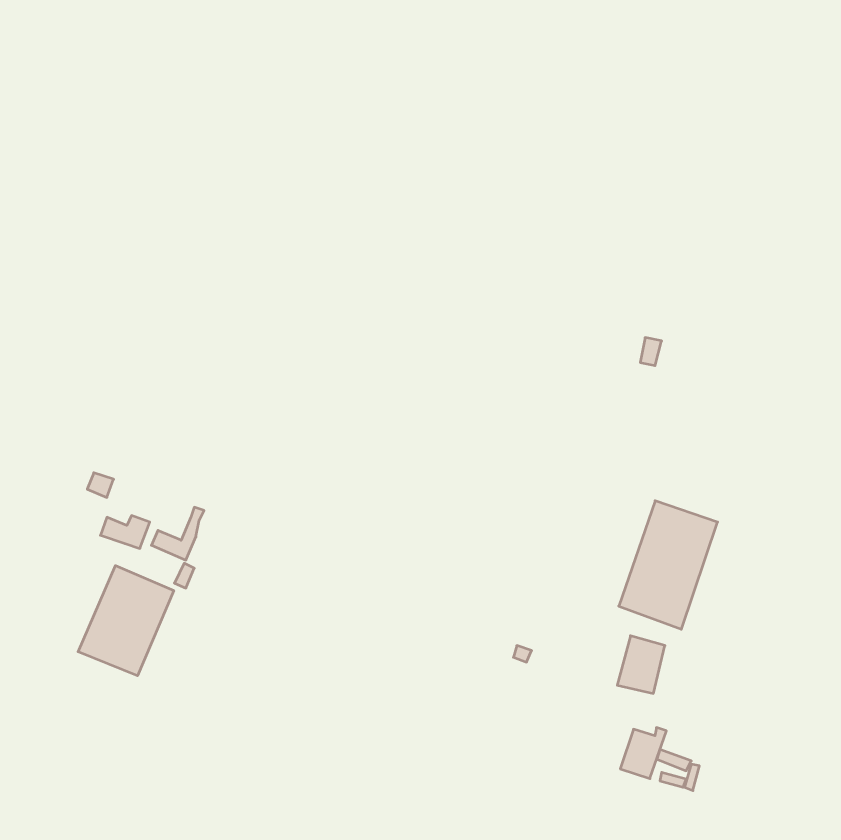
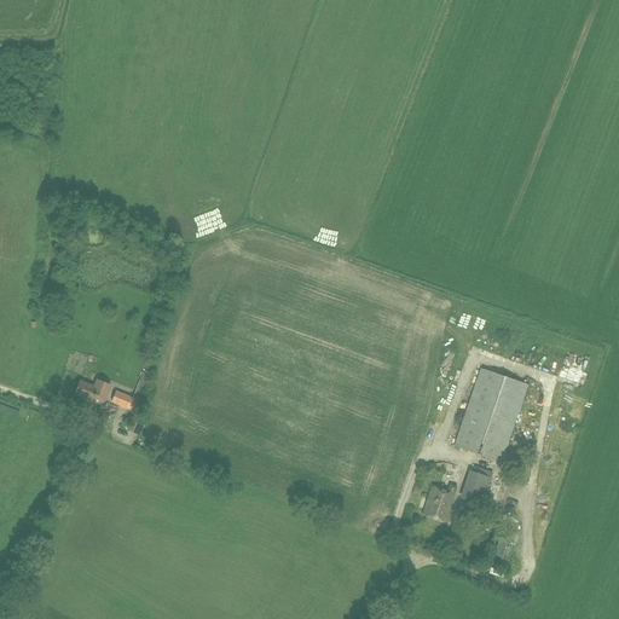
building: [78,566,174,676] -> none
building: [620,728,666,779] -> [423,484,457,521]

